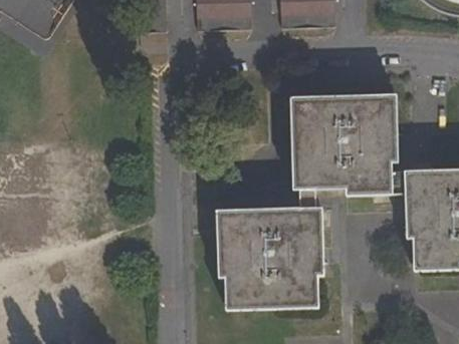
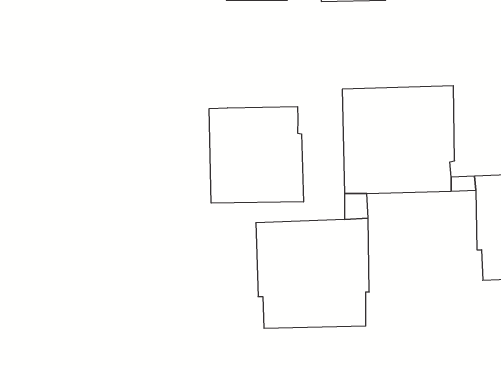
building: none -> [209,107,303,203]

